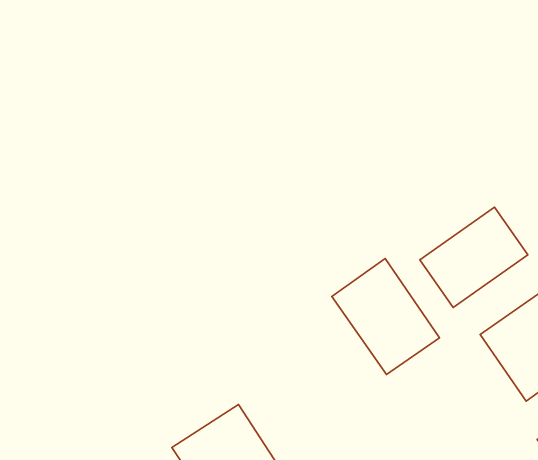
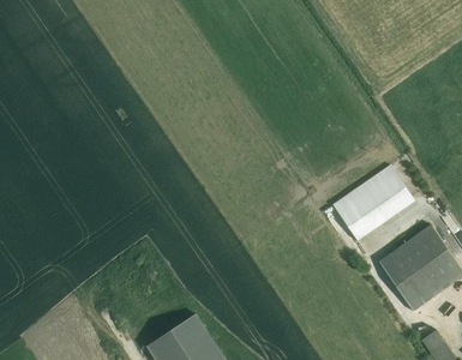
building: [332,258,439,375] -> none

